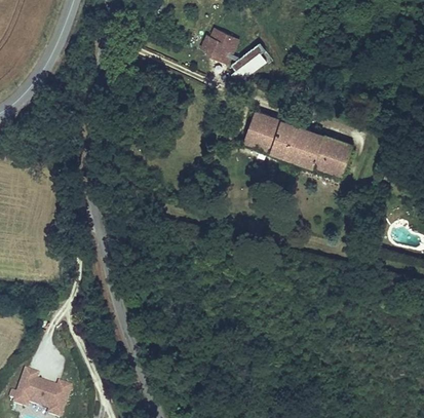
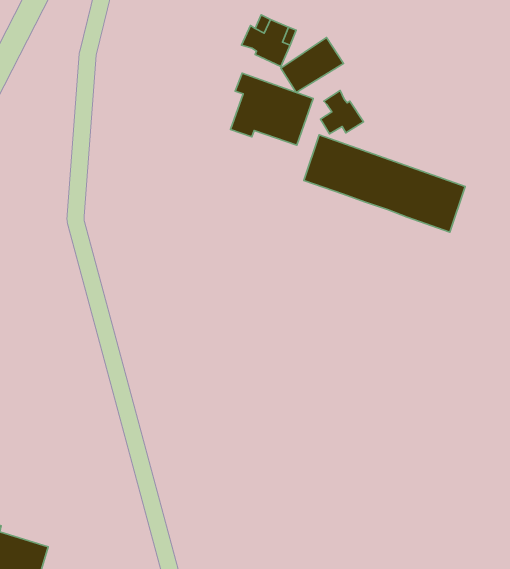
building: none -> [231,73,313,145]
building: none -> [321,90,364,134]

